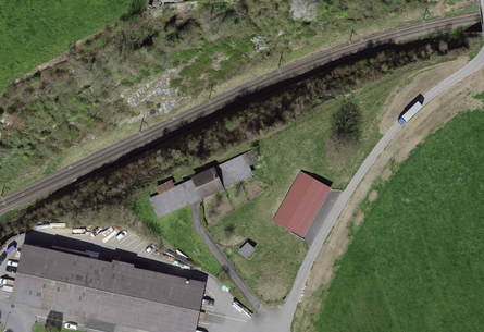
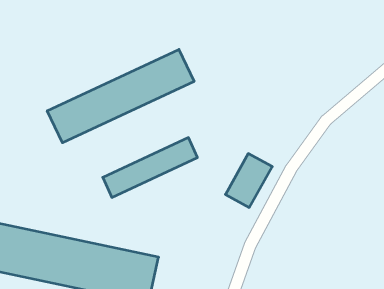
building: none -> [47,49,194,143]

